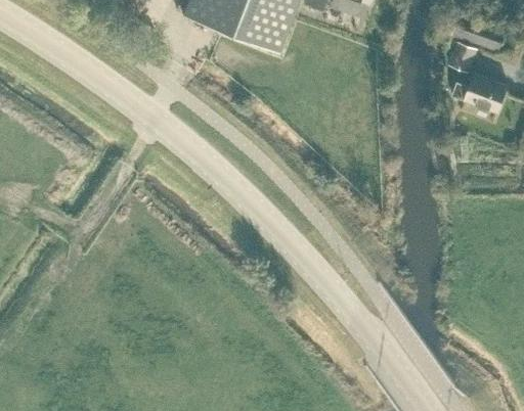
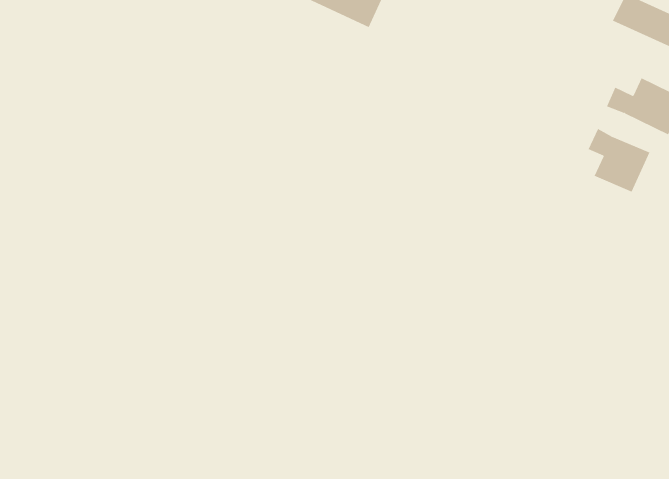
building: [451,42,479,73] -> none
building: none -> [588,128,650,192]

